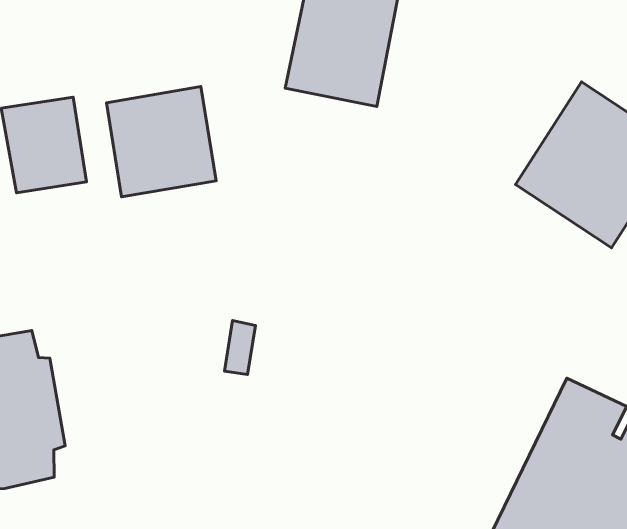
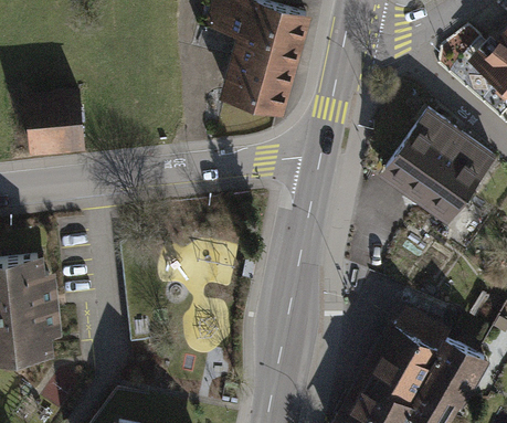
building: [106,87,216,197] -> none

